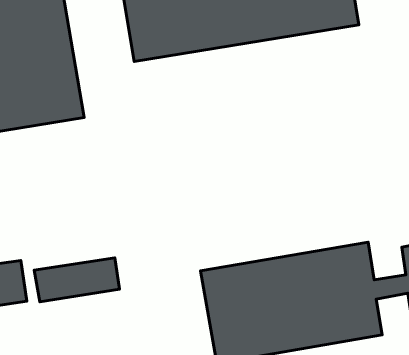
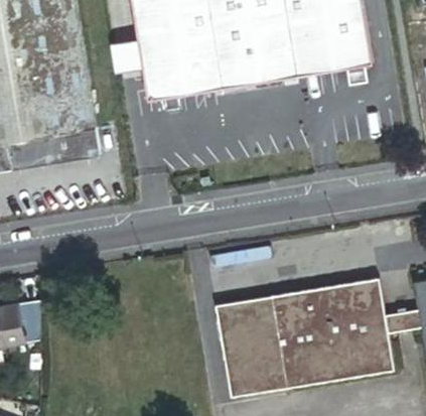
building: [34,258,120,302] -> none

